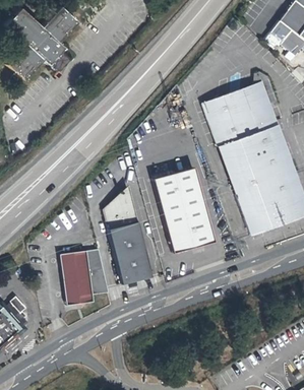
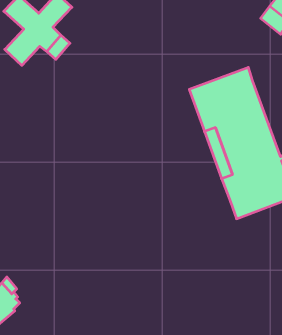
building: [158,165,219,250] -> none
building: [106,189,157,277] -> none
building: [55,249,107,305] -> none

